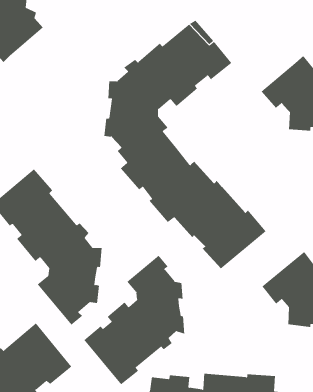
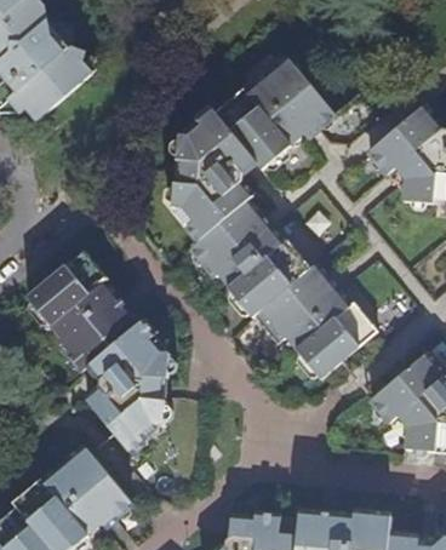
building: [84,255,185,385] -> none

